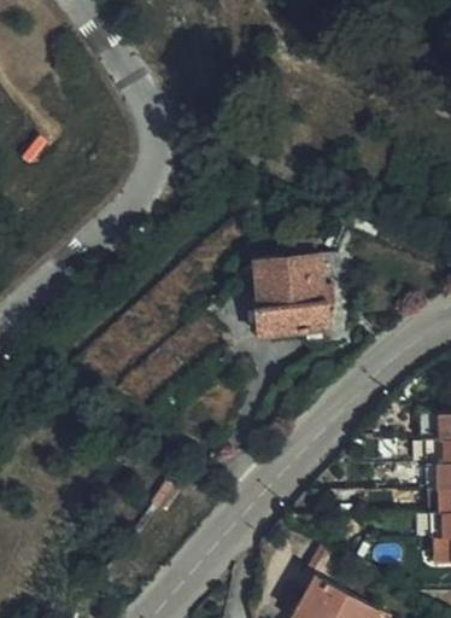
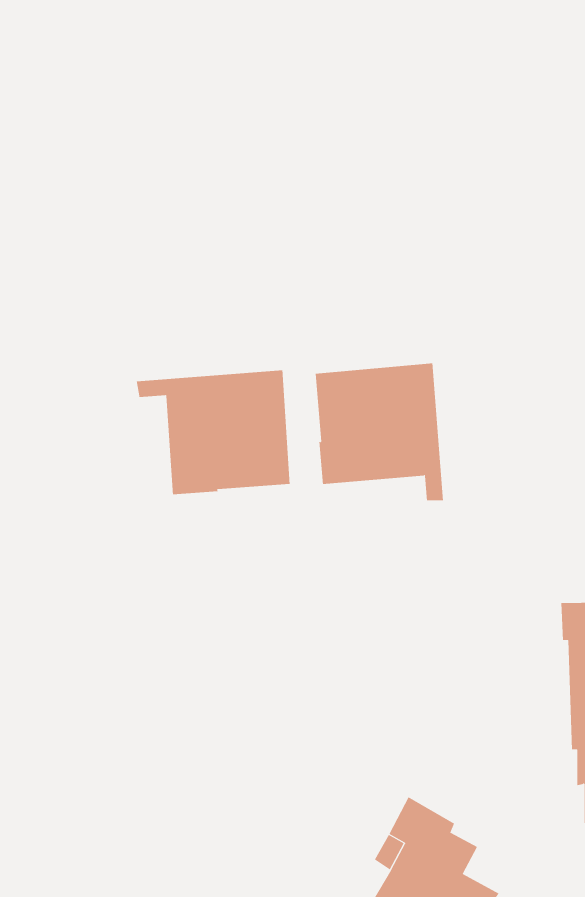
building: none -> [136,369,290,495]

